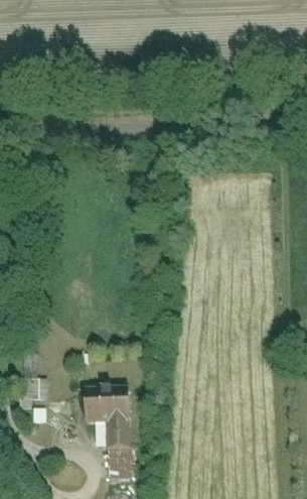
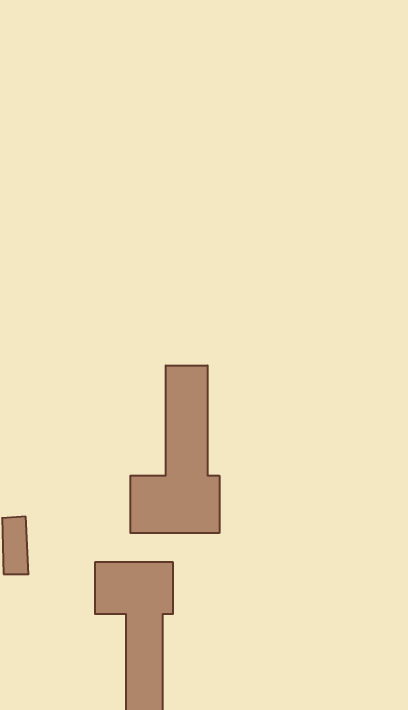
building: none -> [130,365,219,533]

